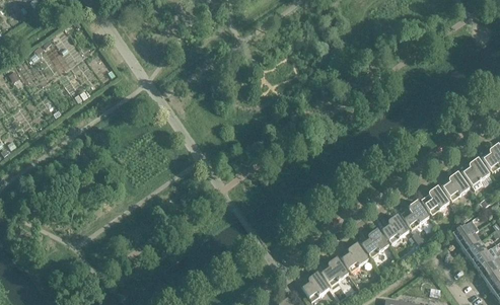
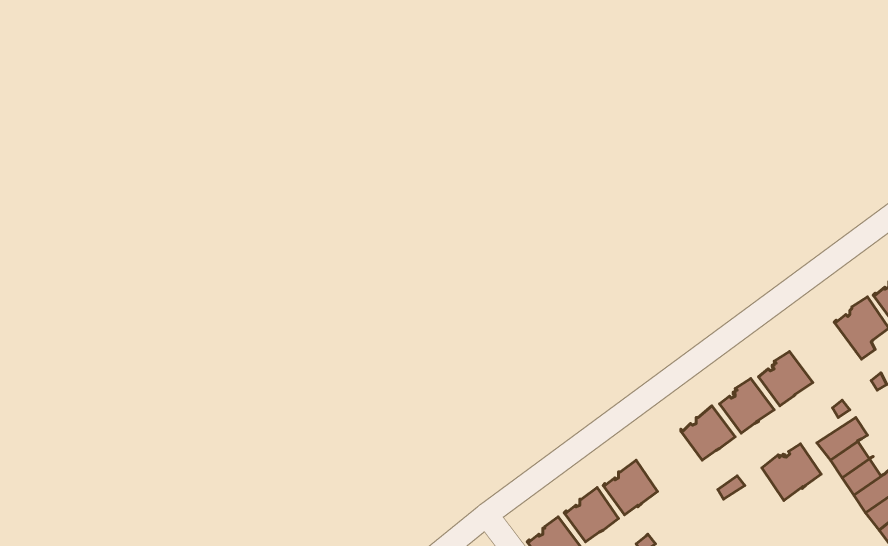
building: [441,171,469,200] -> none
building: [360,228,388,256] -> none
building: none -> [762,444,821,501]

